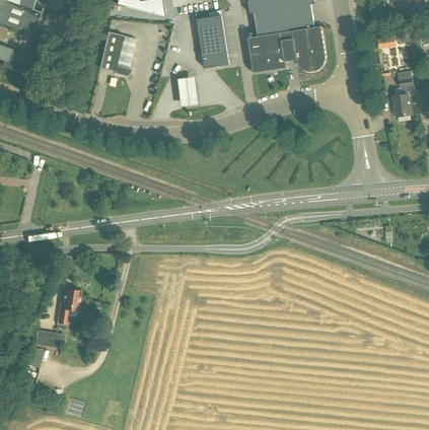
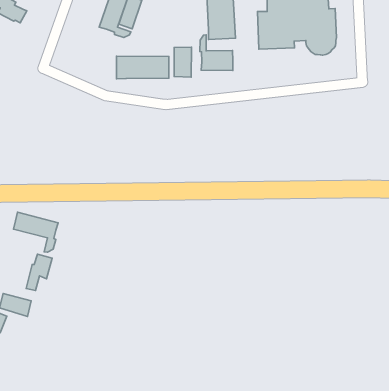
building: none -> [200,35,233,70]
building: none -> [116,56,169,79]
building: none -> [14,212,58,252]

